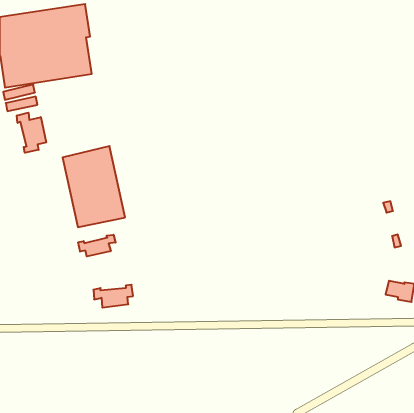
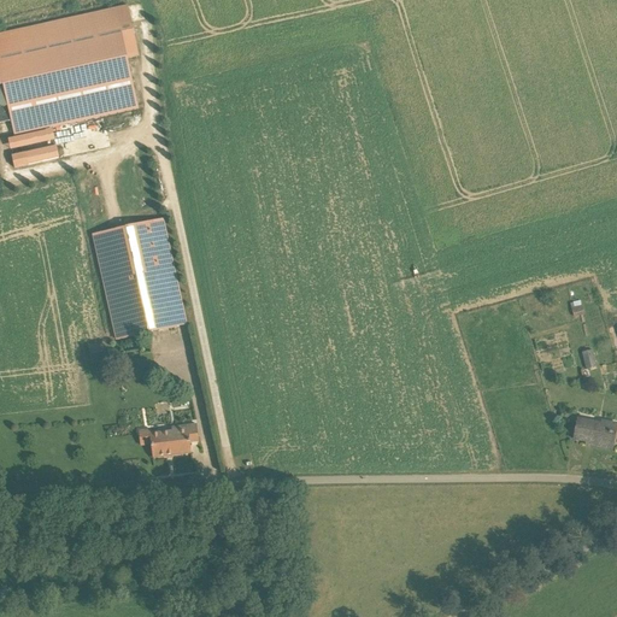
building: [17,113,46,153] -> none
building: [78,235,116,256] -> none

